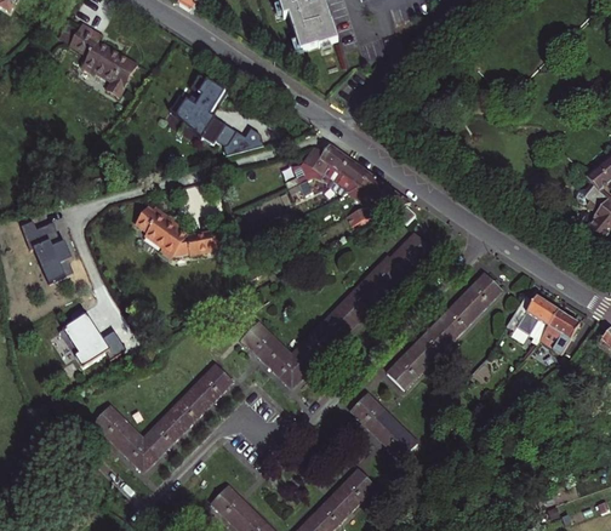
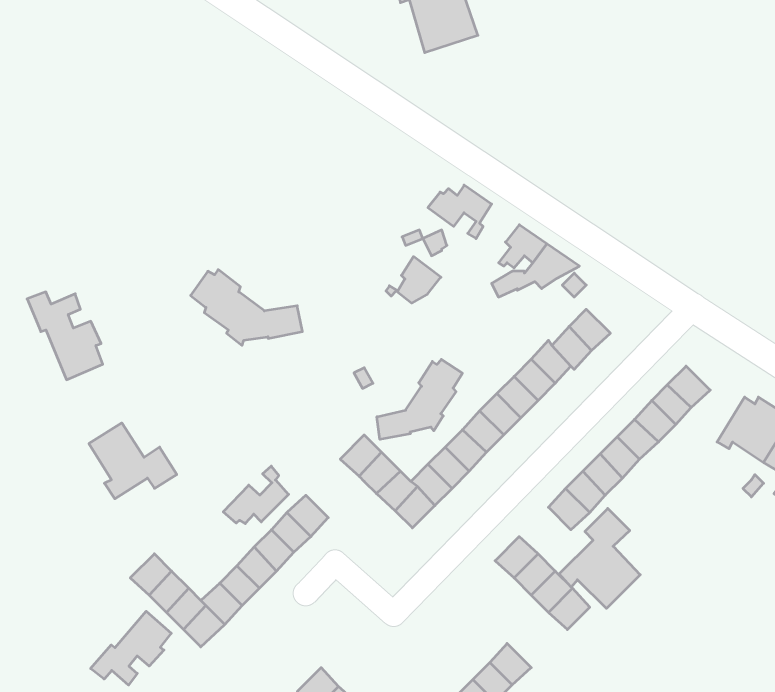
building: [69,23,138,96] -> none
building: [167,72,224,143] -> none
building: [219,129,259,153] -> none
building: [329,159,367,192] -> [386,257,441,303]
building: none -> [377,359,462,439]
building: none -> [223,466,289,524]
building: none -> [559,508,640,608]
building: none -> [91,611,171,685]

